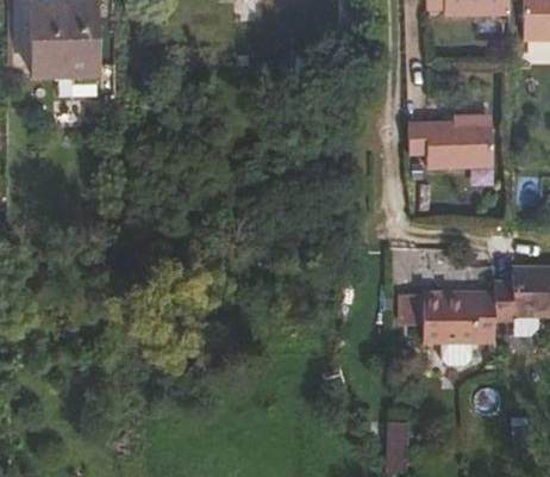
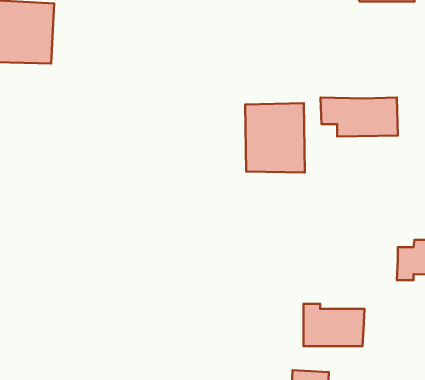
building: none -> [245,103,305,172]
building: [423,297,493,346] -> [304,304,364,346]

